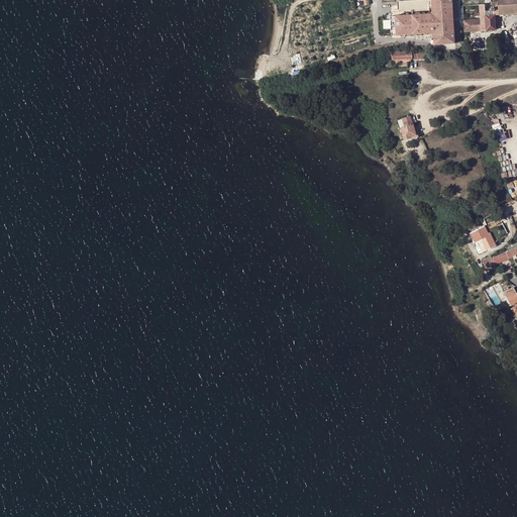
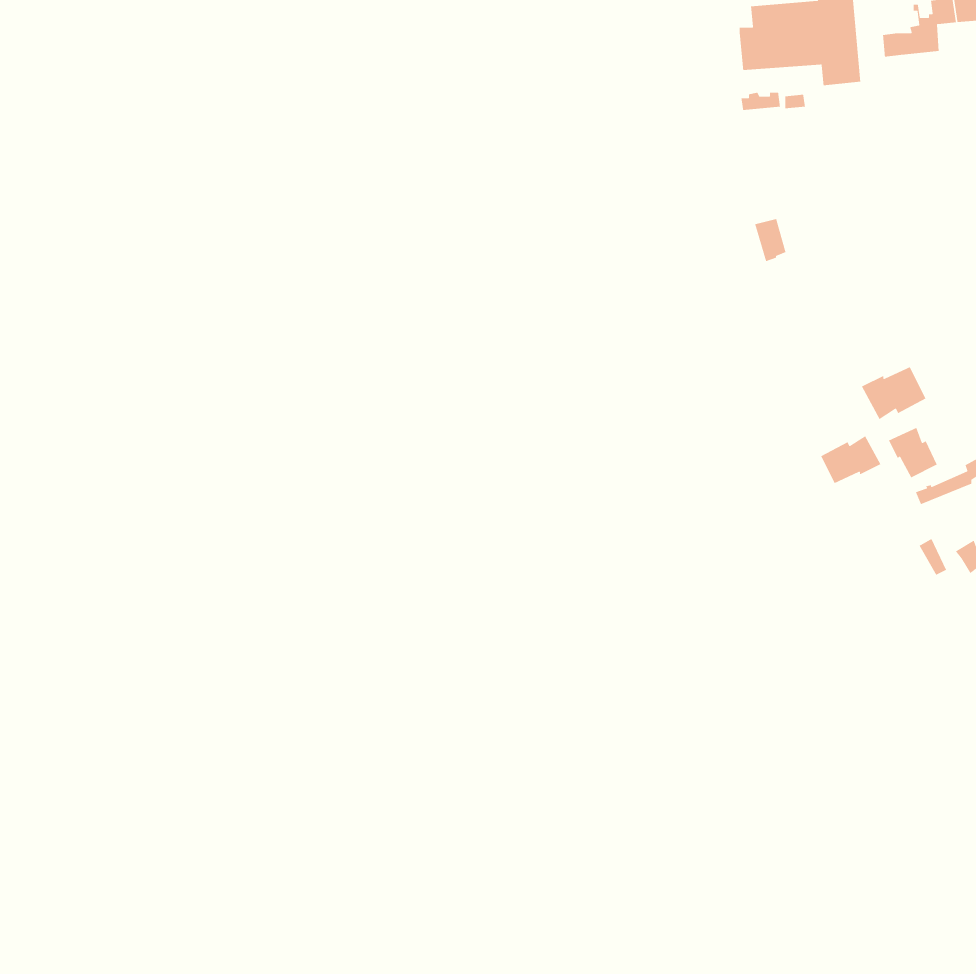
building: none -> [861,366,926,420]
building: none -> [820,435,881,484]

